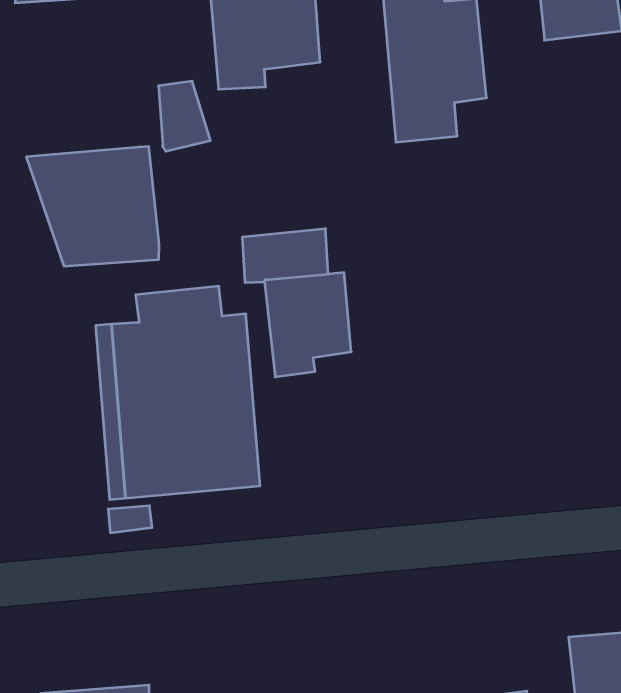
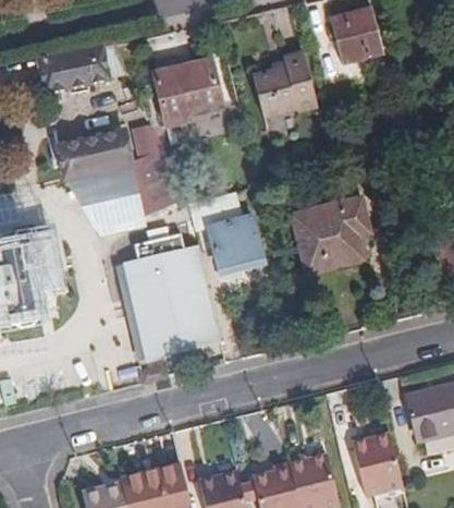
building: none -> [56,130,126,178]
building: none -> [132,153,186,215]
building: none -> [293,196,368,276]

